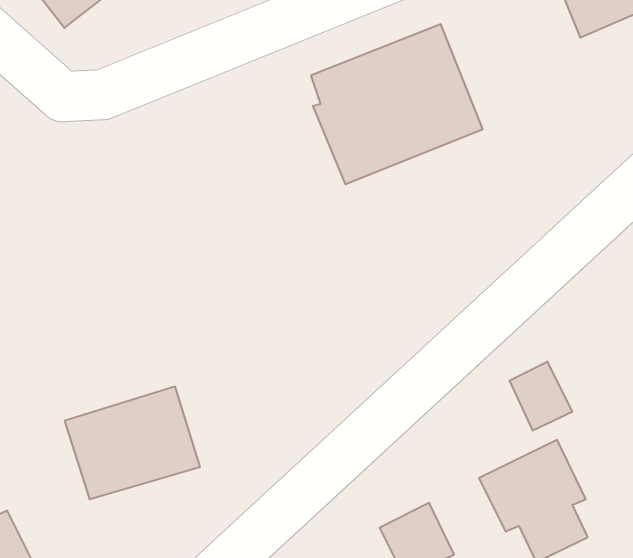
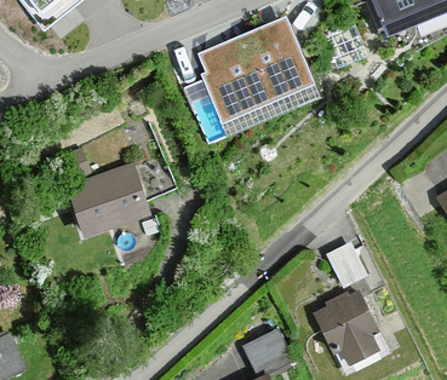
building: [65,387,200,499] -> [68,165,154,236]

